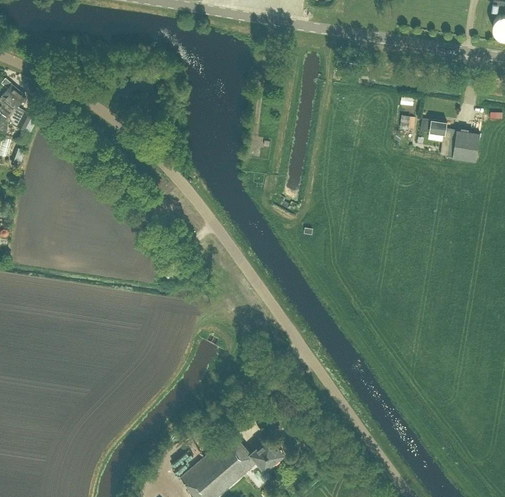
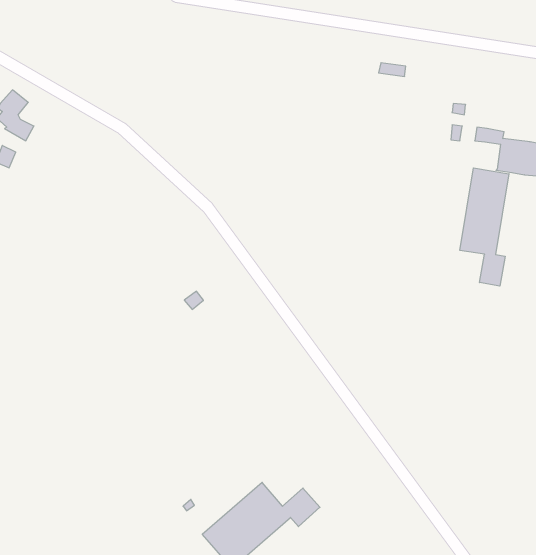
building: none -> [460,168,509,286]

